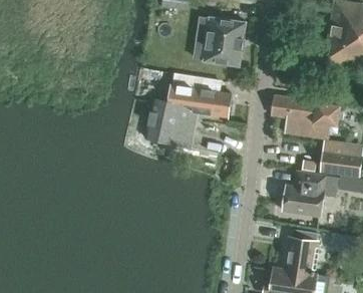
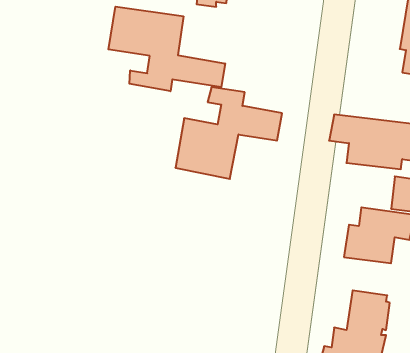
building: none -> [108,7,225,91]
building: [200,16,245,66] -> none

